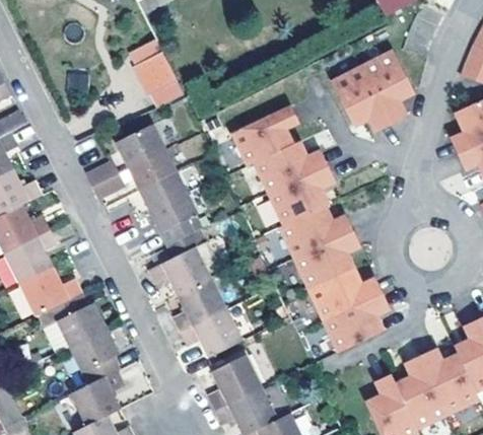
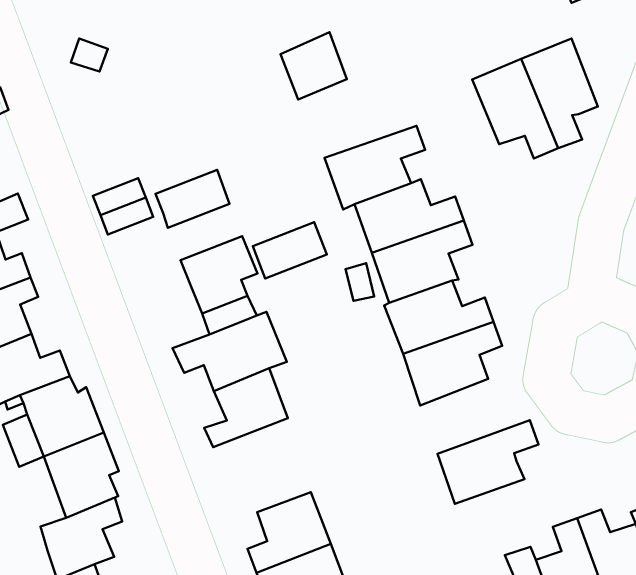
building: [131,52,176,97] -> [281,32,347,100]
building: [114,125,165,169] -> none
building: [137,171,186,211] -> [253,222,327,278]
building: [312,270,384,321] -> none
building: [180,307,243,357] -> none

